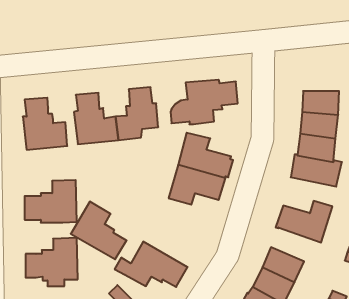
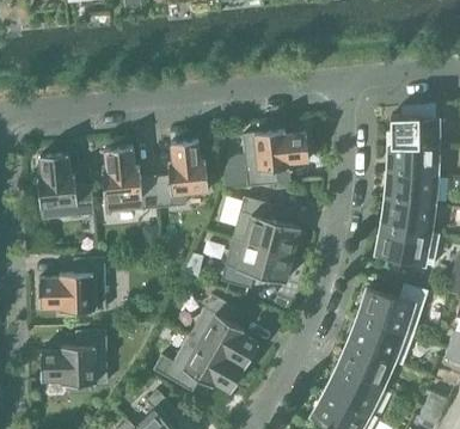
building: none -> [391,103,436,145]
building: [71,202,127,259] -> [189,294,259,367]
building: none -> [350,317,413,364]

